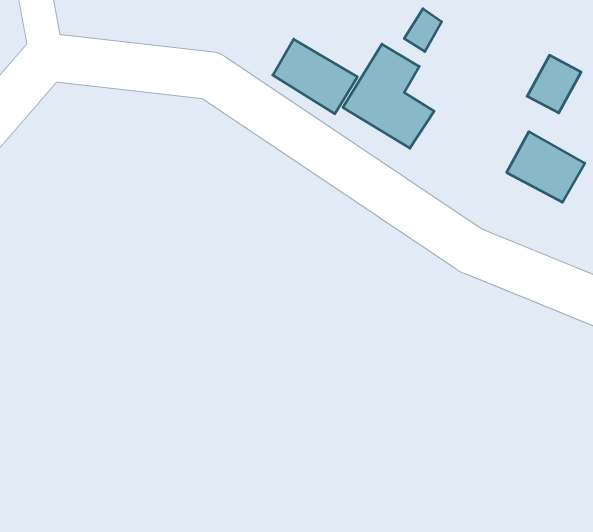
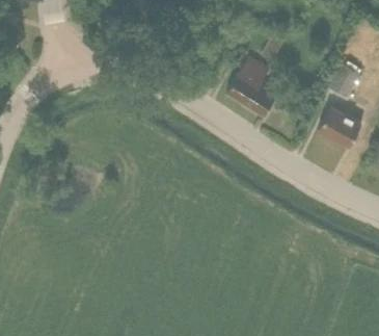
building: [273,39,357,114] -> none

